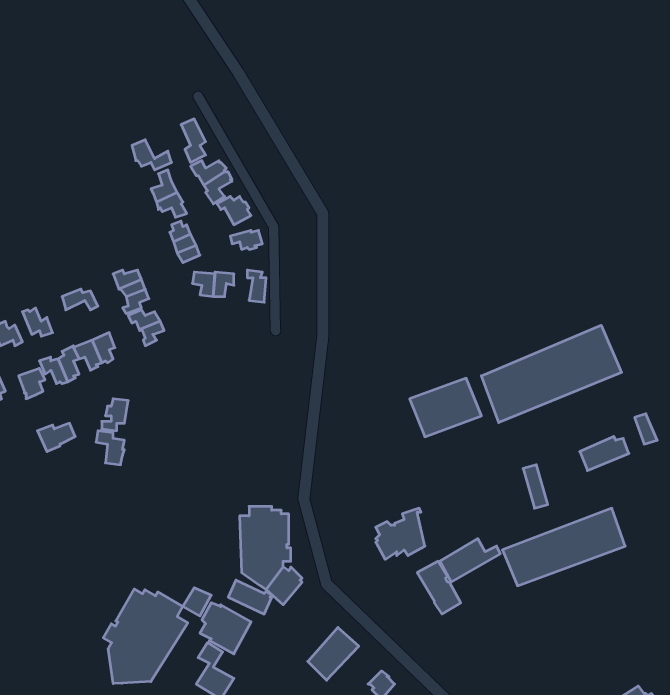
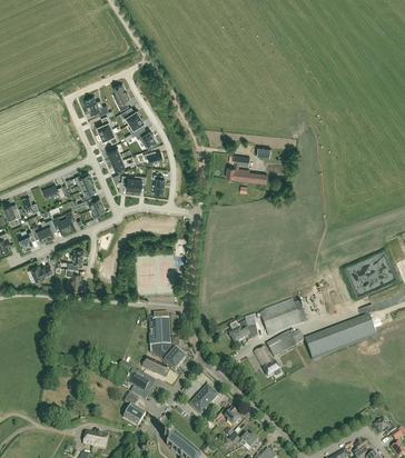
building: none -> [226,155,267,182]
building: [481,325,622,423] -> none
building: [410,378,481,437] -> [259,300,302,335]
building: [103,589,188,684] -> none

